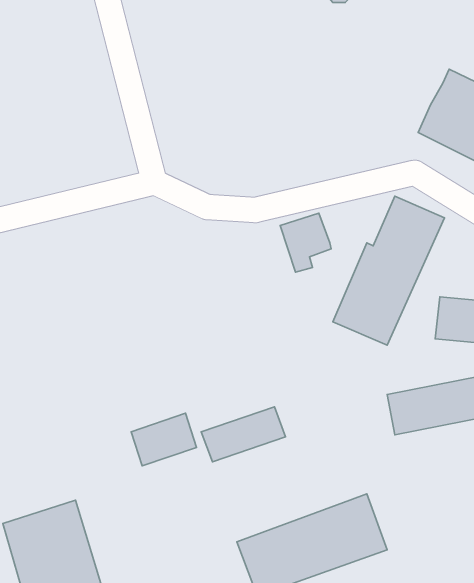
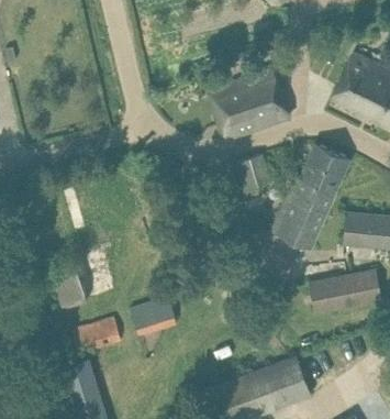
building: none -> [208,68,289,140]
building: none -> [48,258,88,308]
building: [201,407,286,462] -> none
building: none -> [70,318,120,352]

